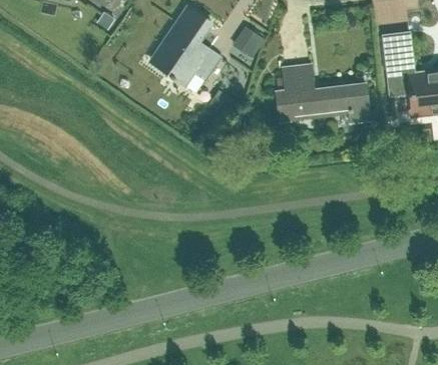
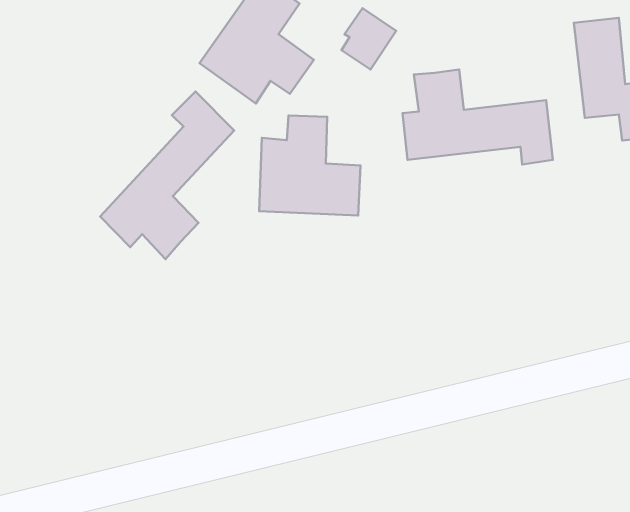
building: none -> [100,91,234,259]
building: none -> [259,115,360,216]

